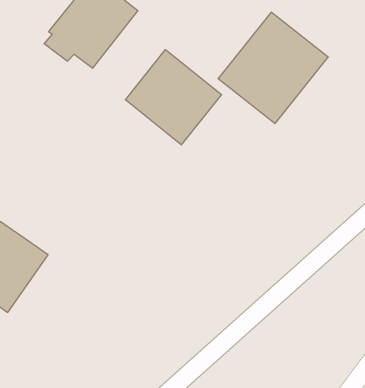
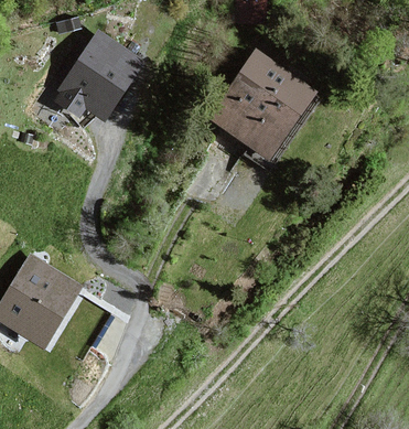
building: [125,50,221,145] -> none

